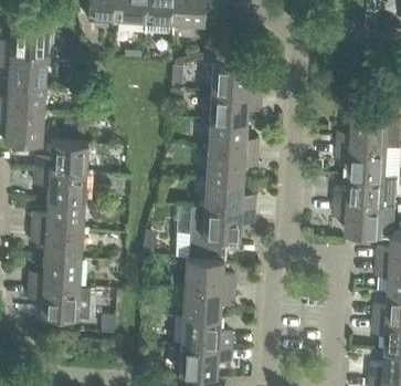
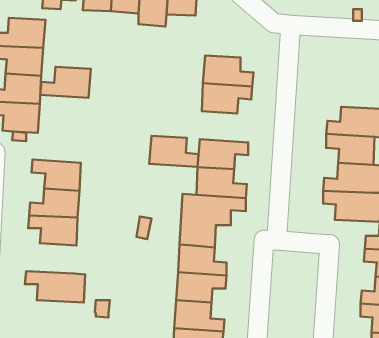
building: [208,122,258,154] -> [149,136,199,167]
building: [35,143,87,175] -> [40,67,91,98]
building: [29,258,81,289] -> none

